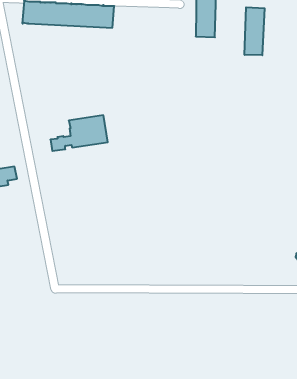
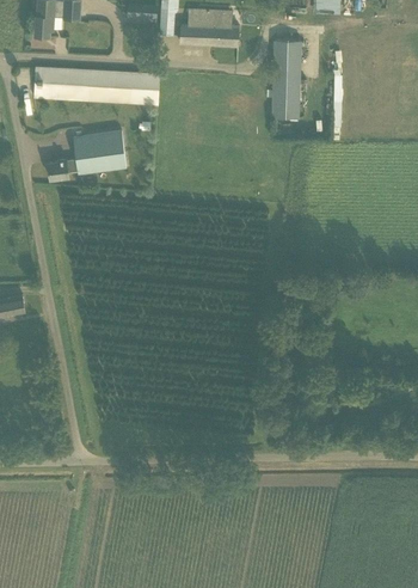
building: [245,7,265,55] -> none
building: [50,115,108,151] -> [48,128,127,177]

